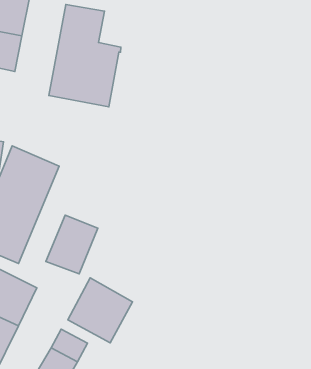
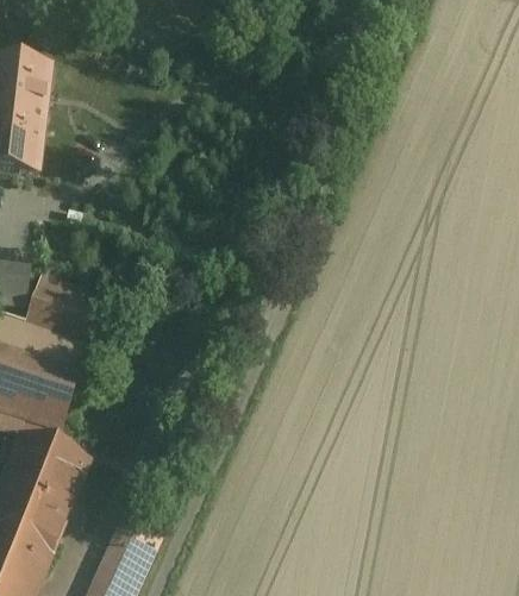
building: [49,4,121,107] -> none
building: [46,215,98,274] -> none
building: [68,278,132,343] -> none

